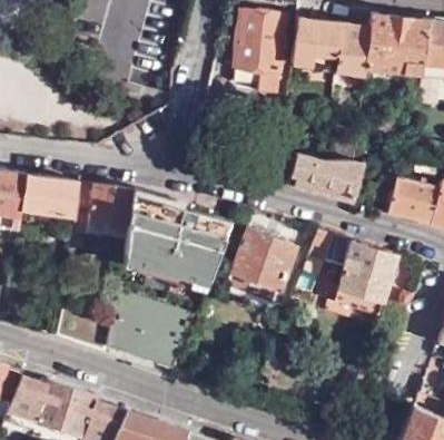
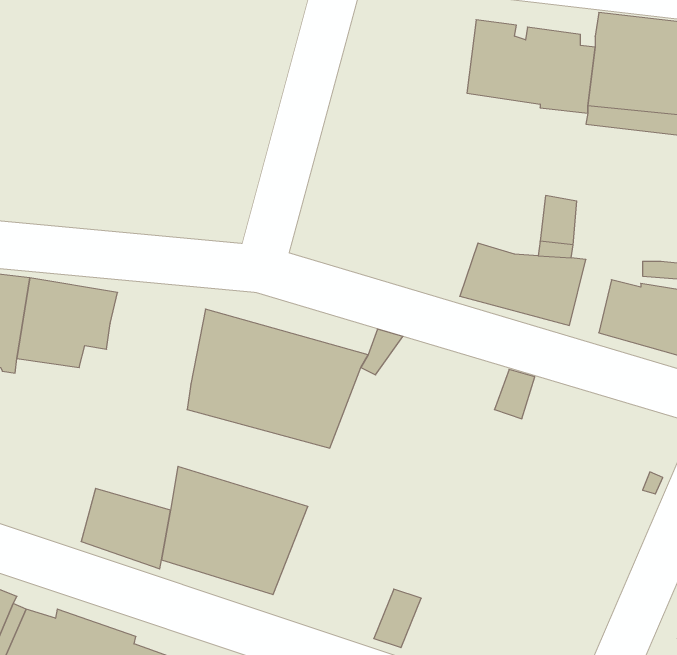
building: [237,10,287,92] -> none
building: [71,183,134,238] -> none
building: [227,226,297,300] -> none
building: [333,239,397,316] -> none

